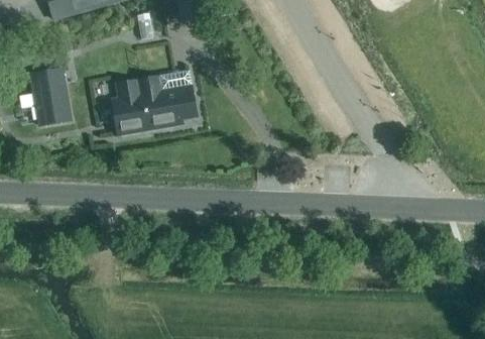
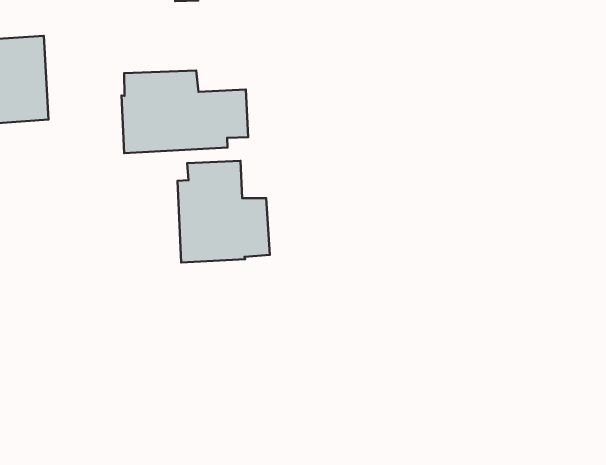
building: none -> [178,161,270,262]

